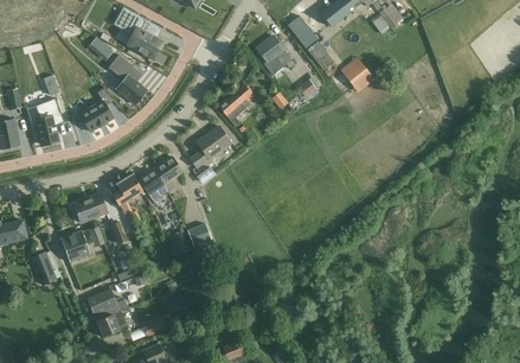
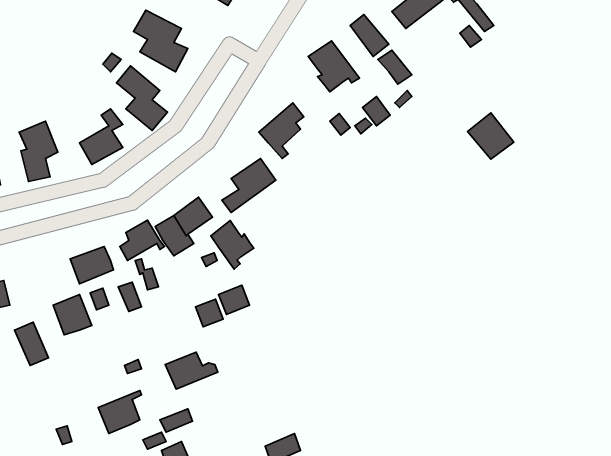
building: [339,56,374,91] -> [467,113,514,159]
building: none -> [211,221,254,269]
building: [85,288,126,317] -> [165,352,218,389]

